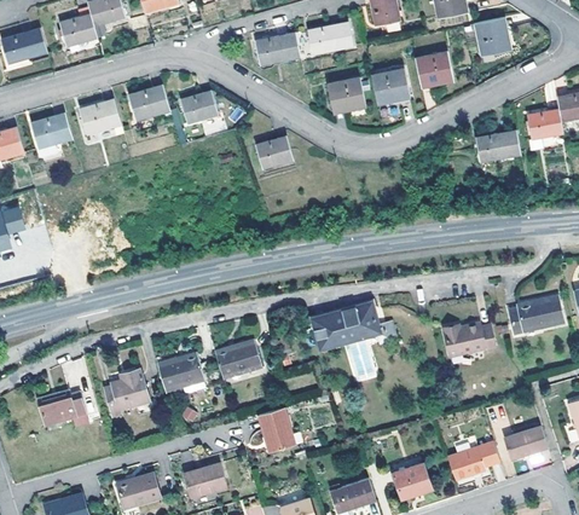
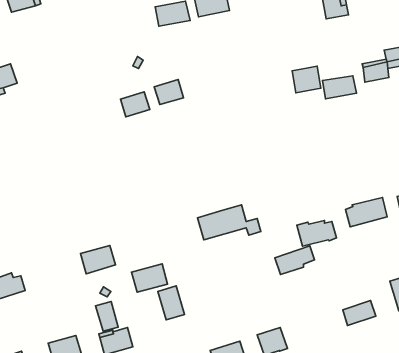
building: [416,53,453,88] -> [292,66,321,93]
building: [372,69,411,104] -> none
building: [328,77,366,114] -> none
building: [131,87,172,122] -> none
building: [183,92,221,125] -> [120,92,150,117]
building: [81,102,123,137] -> none
building: [215,341,262,378] -> [132,264,168,292]
building: [104,370,149,417] -> none
building: none -> [95,301,118,331]
building: [446,444,498,481] -> [275,246,314,274]

